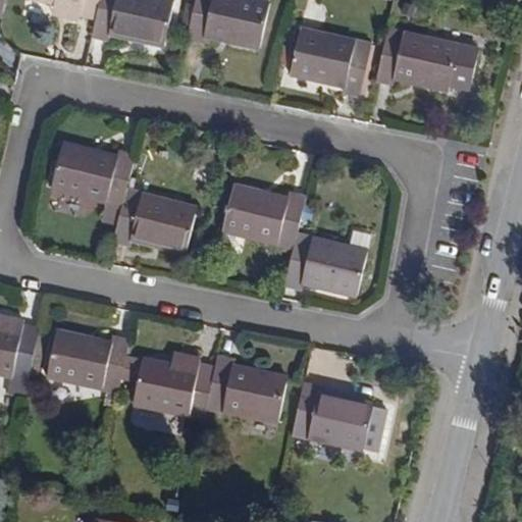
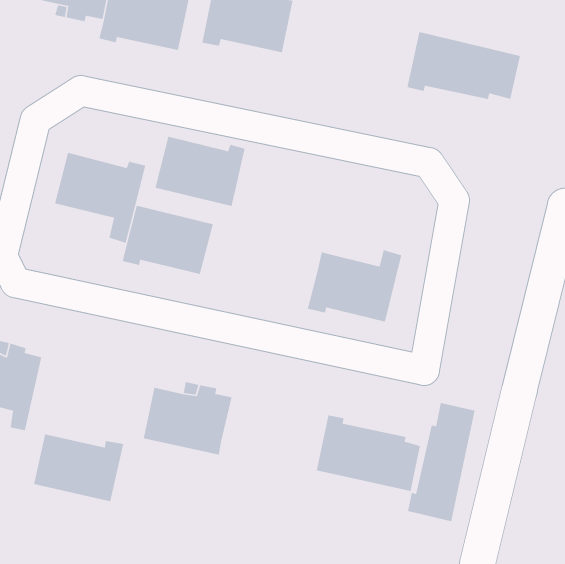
building: [289,27,372,97] -> none
building: [220,184,304,249] -> [154,136,245,207]
building: [46,329,129,393] -> [33,433,124,502]
building: [204,355,288,424] -> none
building: none -> [407,402,476,522]

